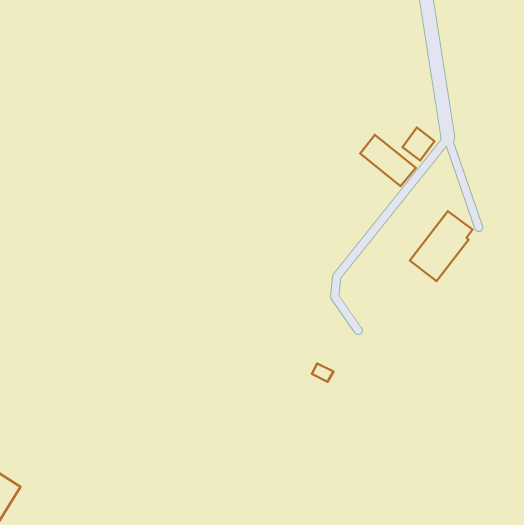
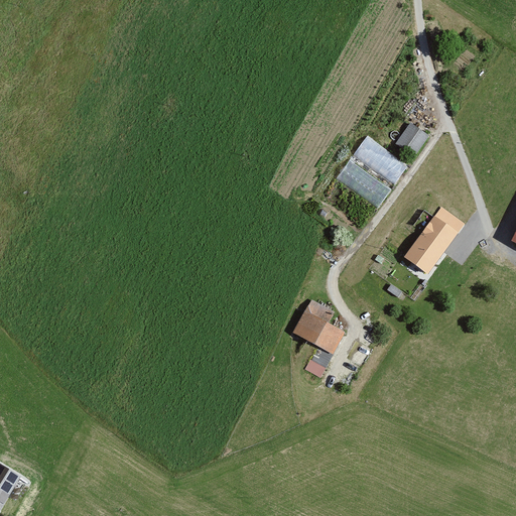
building: none -> [346,164,390,205]
building: none -> [291,300,344,356]

